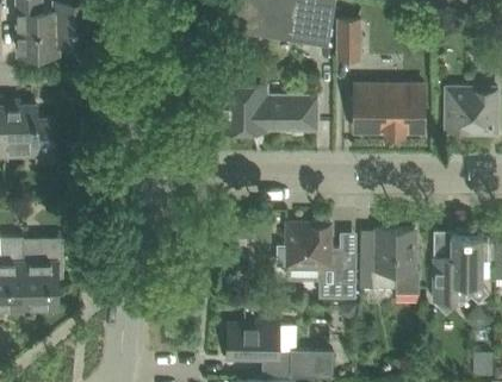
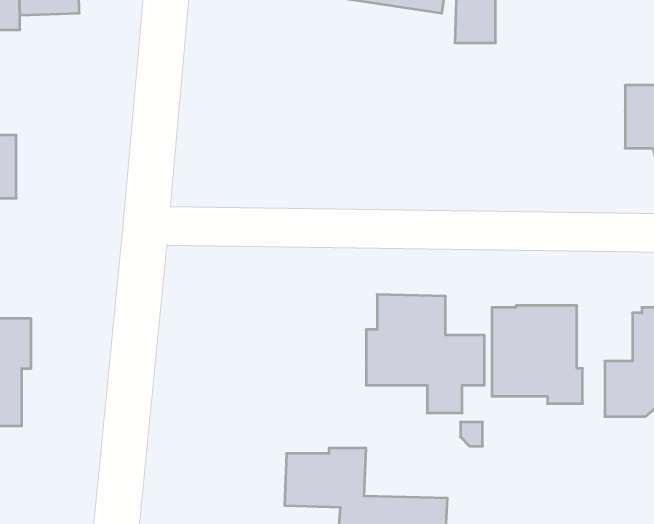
building: [221,84,317,132] -> none
building: [349,86,423,134] -> none

